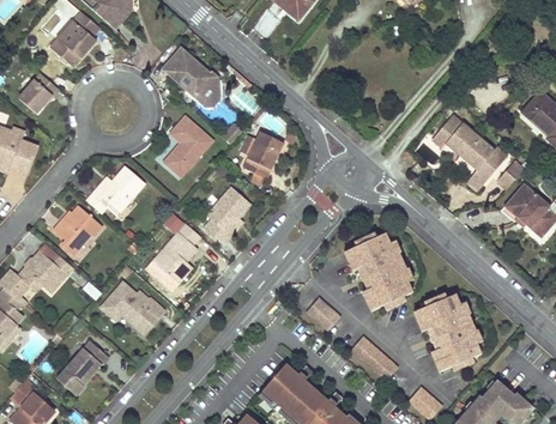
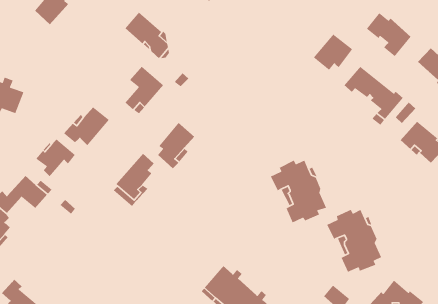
building: none -> [366,12,411,57]
building: [19,75,59,115] -> none
building: none -> [313,34,353,71]
building: [241,132,282,178] -> none
building: [98,281,164,337] -> none
building: [304,297,339,331] -> none
building: [350,335,397,381] -> none
building: [55,341,107,396] -> none

